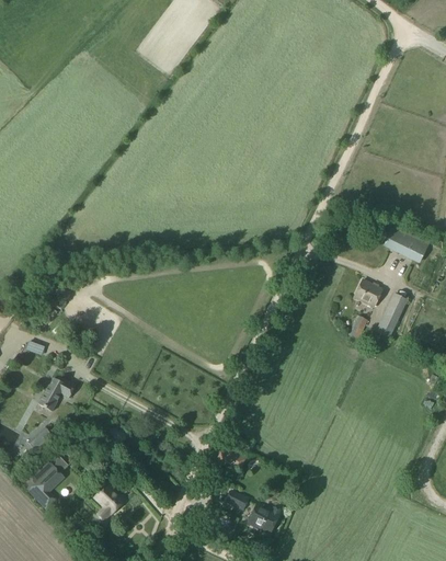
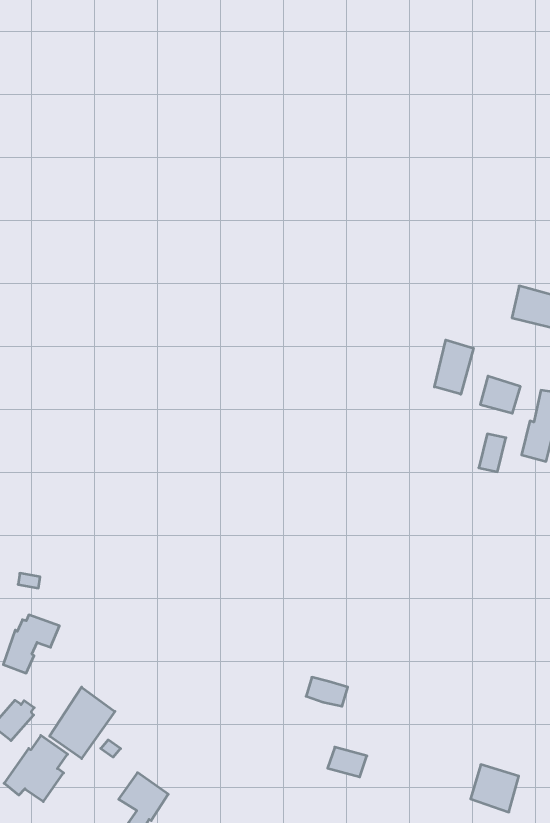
building: none -> [434,340,473,394]
building: none -> [50,687,115,759]
building: [248,503,279,535] -> [471,765,519,812]

